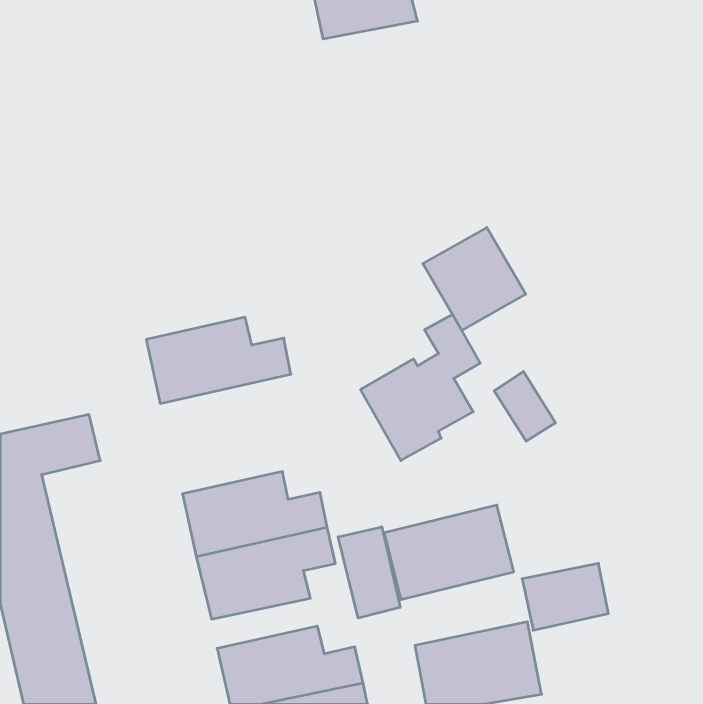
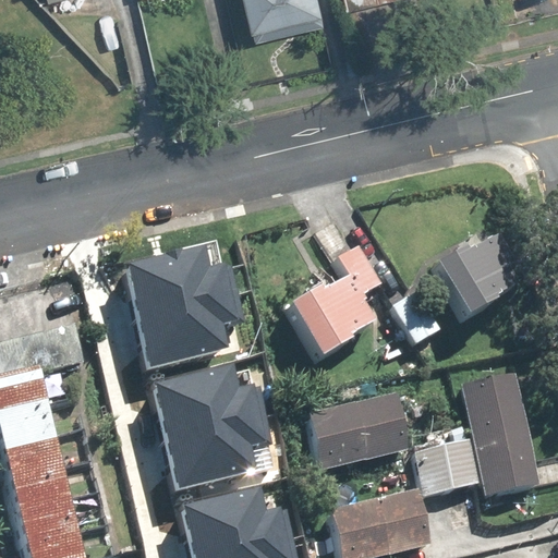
building: [423,227,526,330] -> [435,240,515,320]
building: none -> [132,293,241,365]
building: none -> [463,373,539,494]
building: [338,527,400,618] -> none

